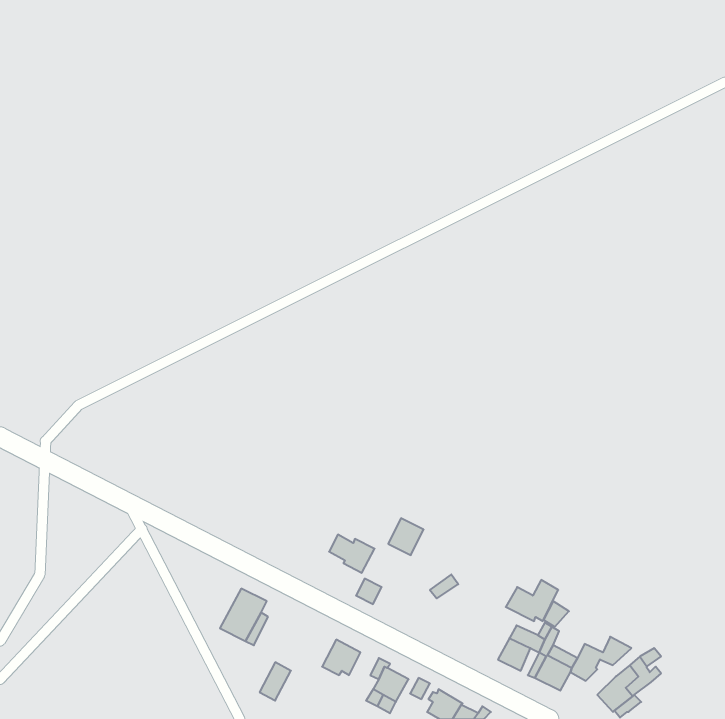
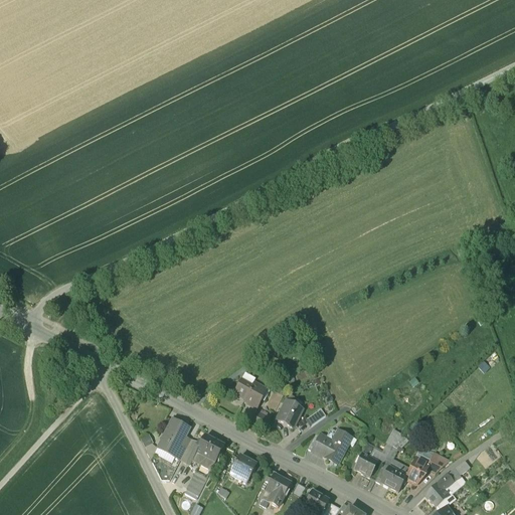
building: [388,518,424,555] -> [276,400,301,426]
building: [506,580,558,621] -> [312,431,349,460]
building: none -> [192,435,223,461]

